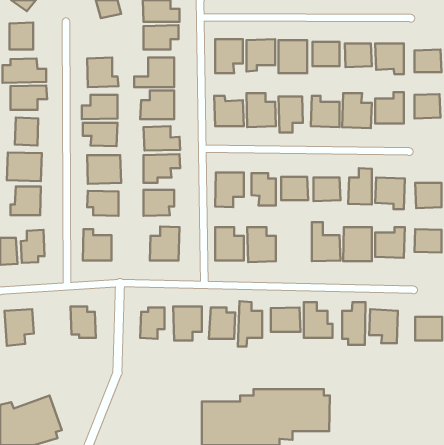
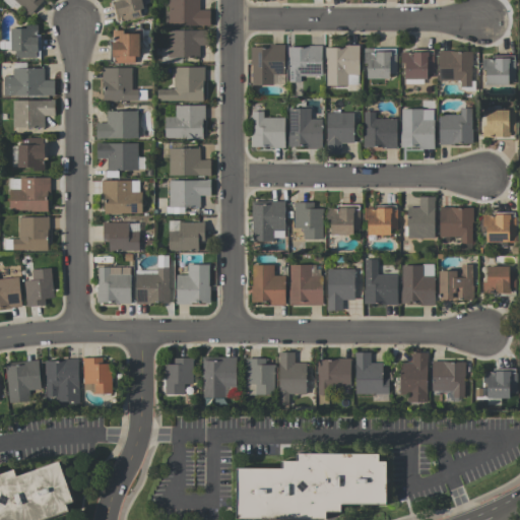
building: none -> [113,32,139,64]
building: none -> [136,267,171,304]
building: none -> [327,269,355,311]
building: none -> [46,360,79,402]

